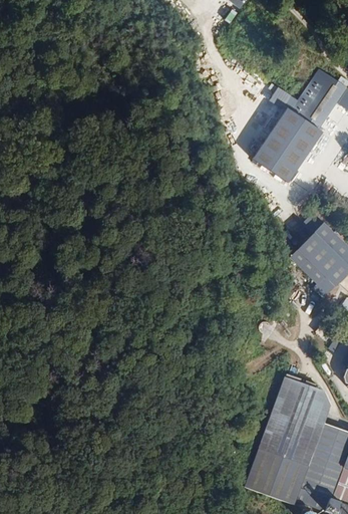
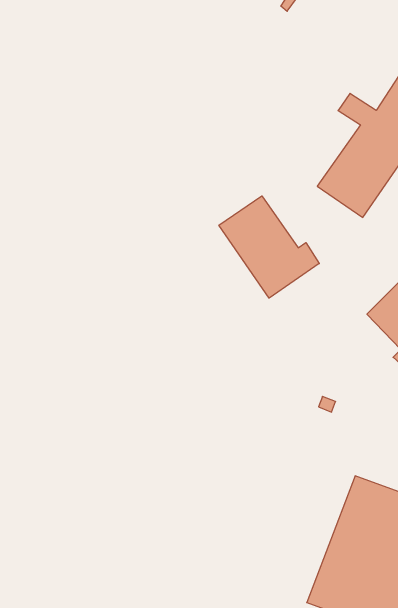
building: none -> [219,196,319,298]

